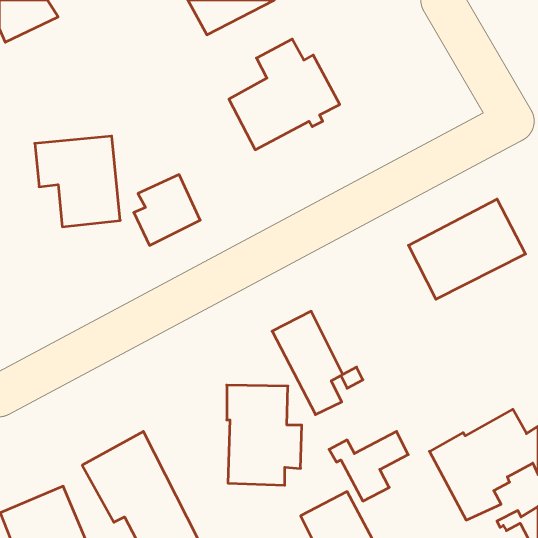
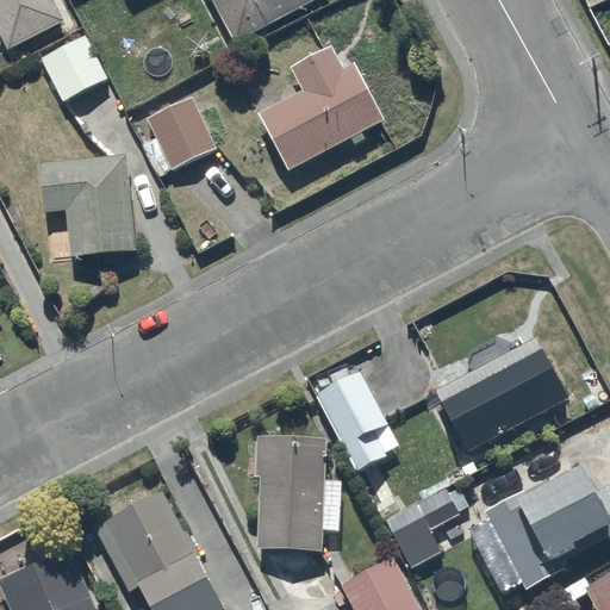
building: none -> [41,35,107,100]
building: [134,175,200,245] -> [141,97,216,176]
building: [408,199,526,299] -> [436,337,568,450]

